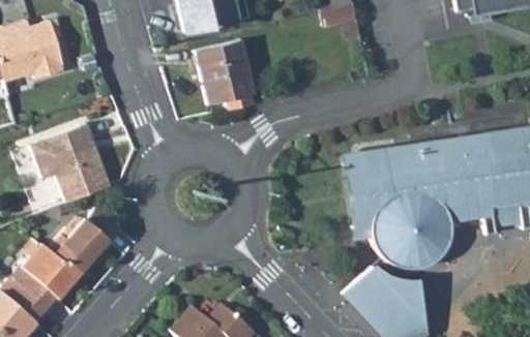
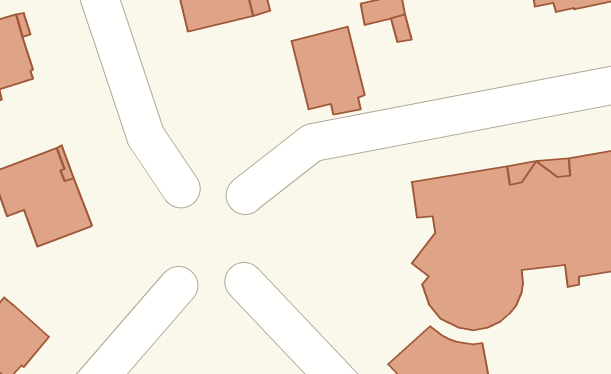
building: [198,40,256,110] -> [291,27,365,114]
building: [342,152,381,241] -> none
building: [48,208,118,274] -> none

